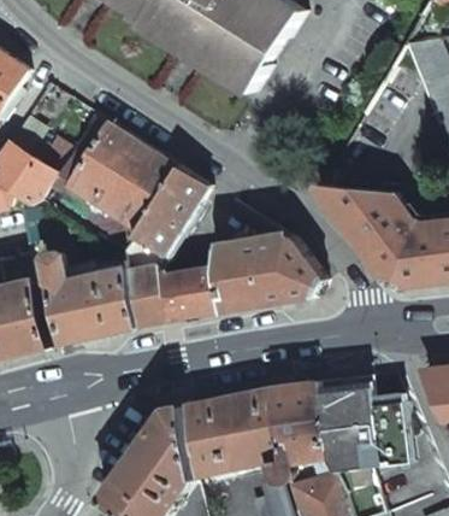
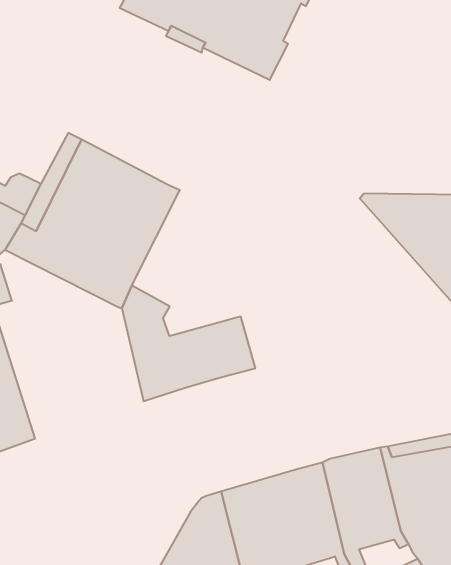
building: [134,166,206,256] -> none
building: [215,235,323,310] -> none
building: [43,252,134,344] -> none

